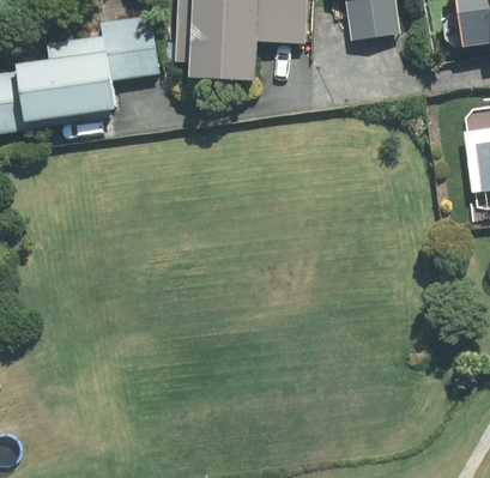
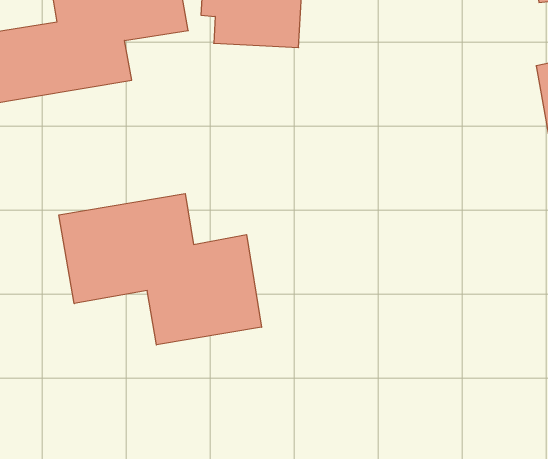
building: none -> [59,194,262,345]

